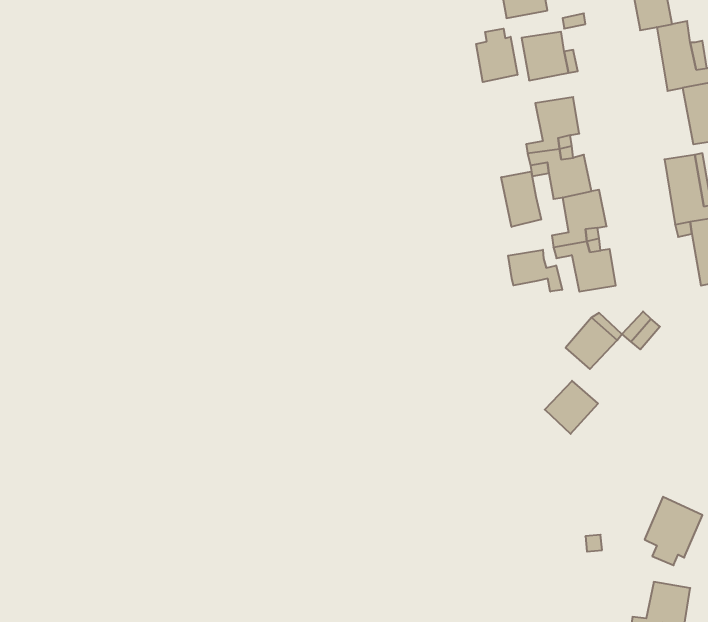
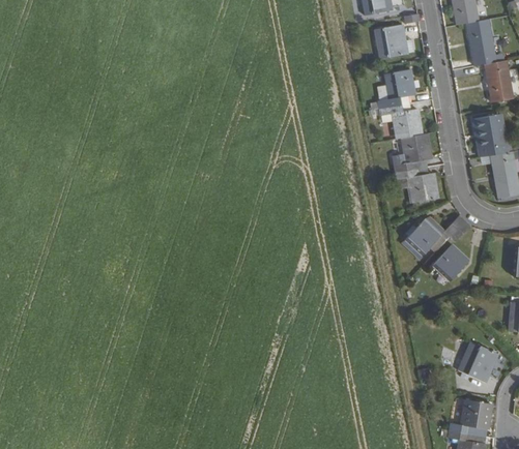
building: [476,29,517,82] -> none
building: [501,171,541,227] -> none
building: [508,250,562,292] -> none
building: [545,381,598,434] -> [431,244,467,280]

